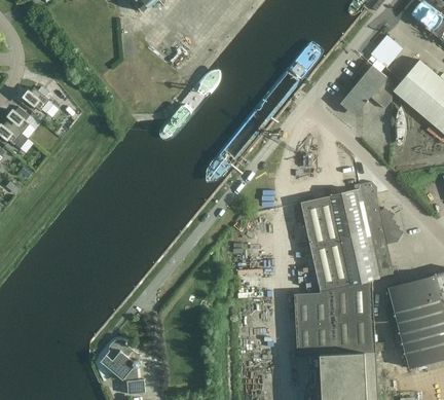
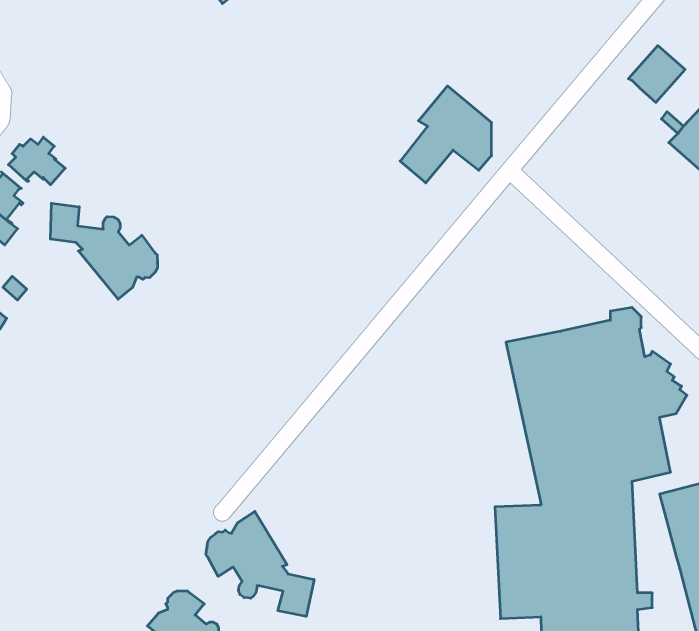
building: [340,61,392,115] -> [400,86,492,183]
building: none -> [50,203,158,299]
building: none -> [206,511,314,616]

